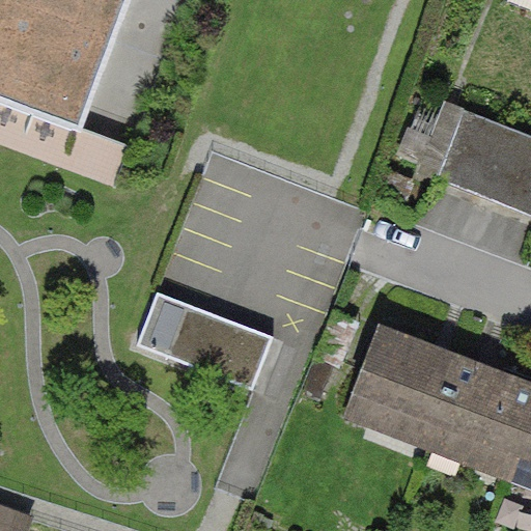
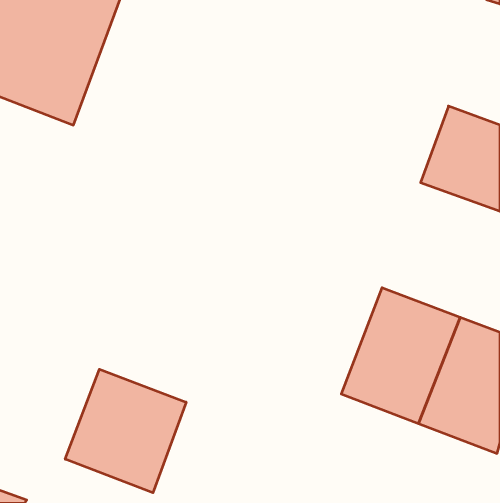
building: [129,291,271,396] -> none
building: none -> [65,369,186,493]

